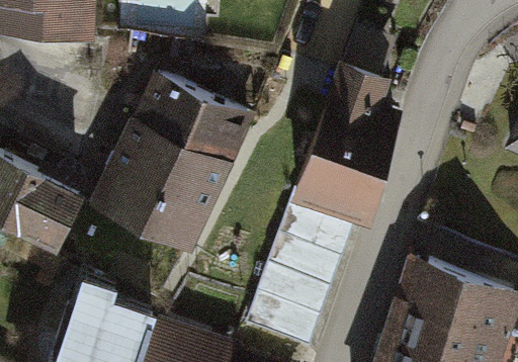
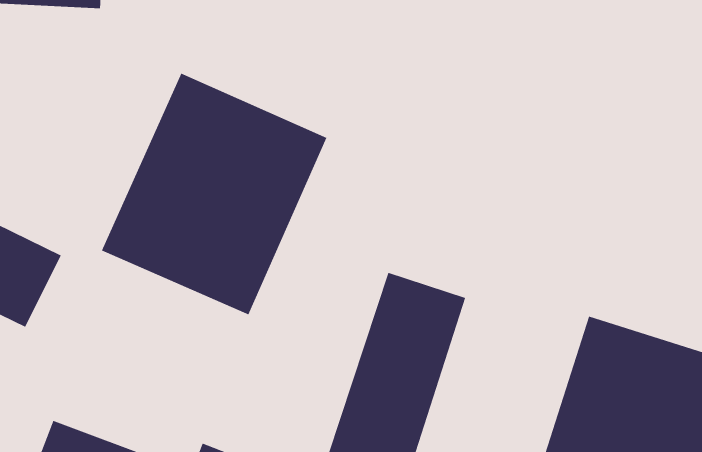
building: [291,66,385,214] -> none

